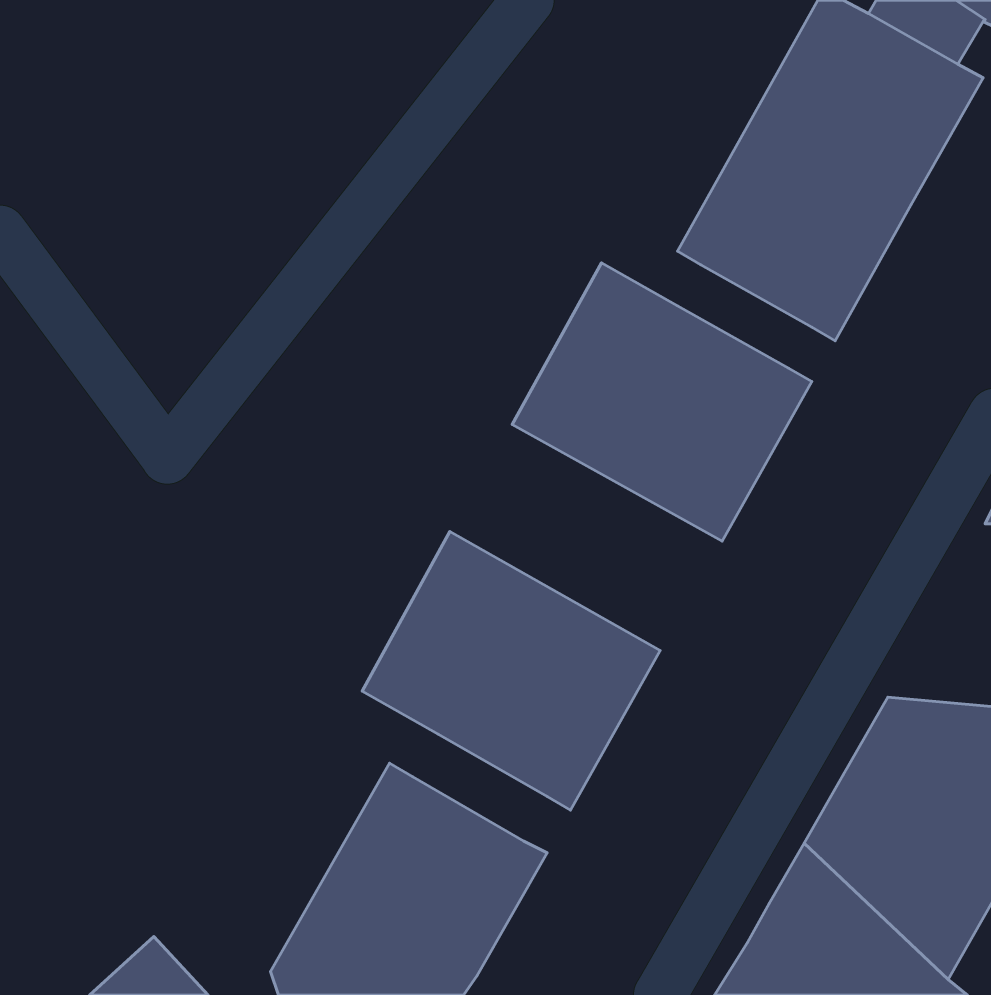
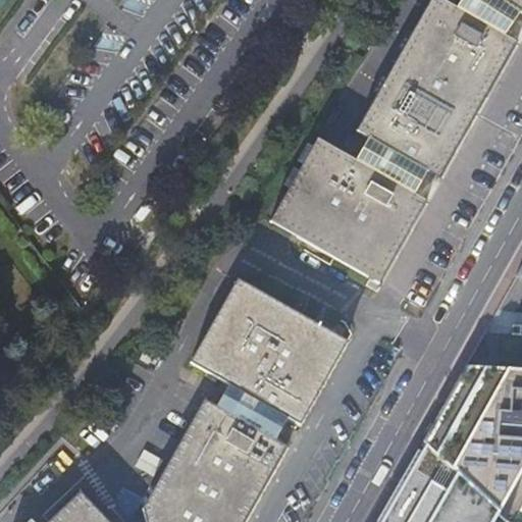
building: none -> [357,139,427,193]
building: none -> [218,384,289,440]

